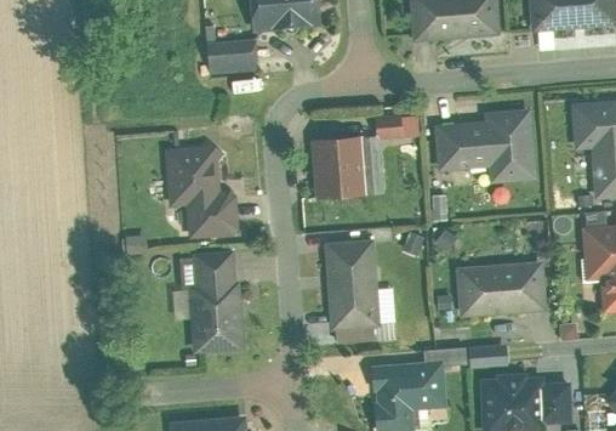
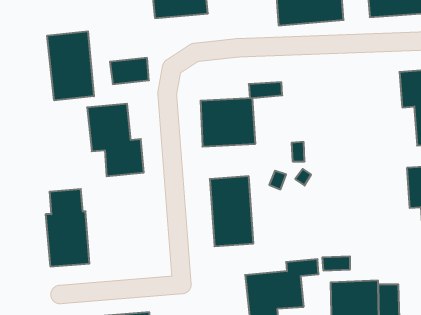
building: [206,38,257,72] -> [110,58,149,84]
building: none -> [47,31,94,100]
building: [435,108,535,182] -> none
building: [187,251,244,352] -> [46,189,89,266]
building: [456,260,547,317] -> none

